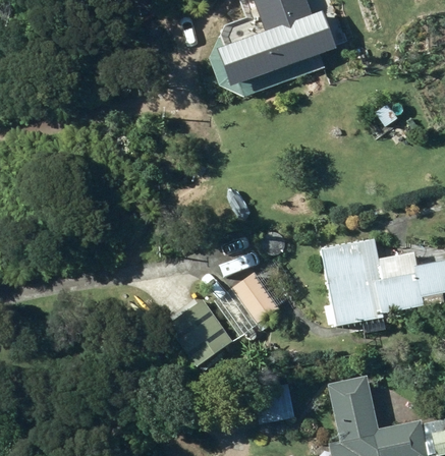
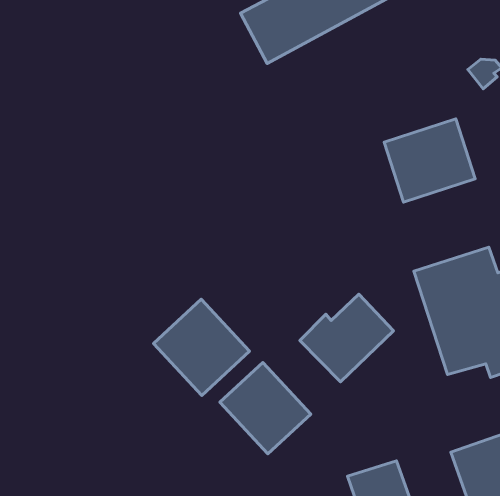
building: none -> [384,119,475,202]
building: none -> [154,299,250,396]

